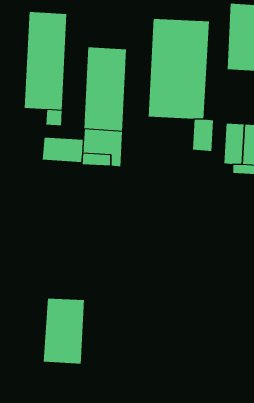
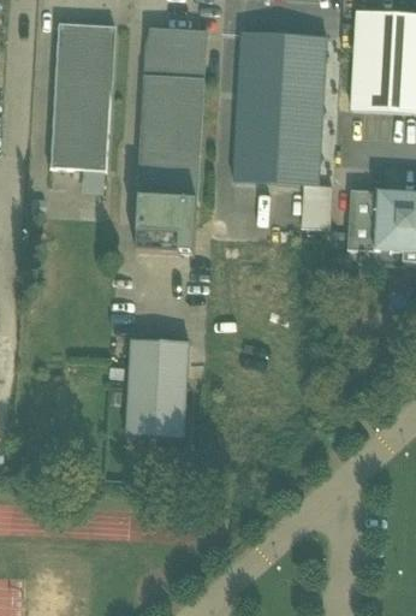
building: none -> [143,25,204,77]
building: [42,137,83,163] -> none
building: [43,298,85,364] -> [125,338,188,437]

